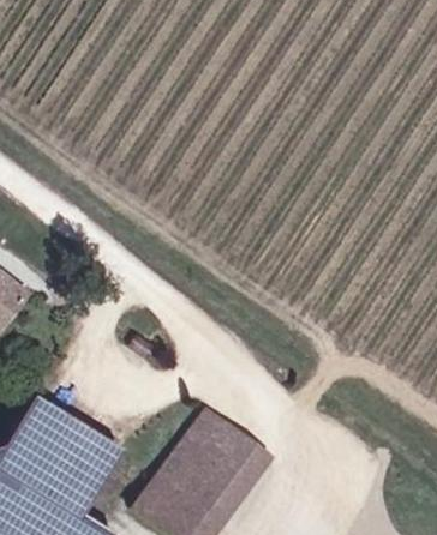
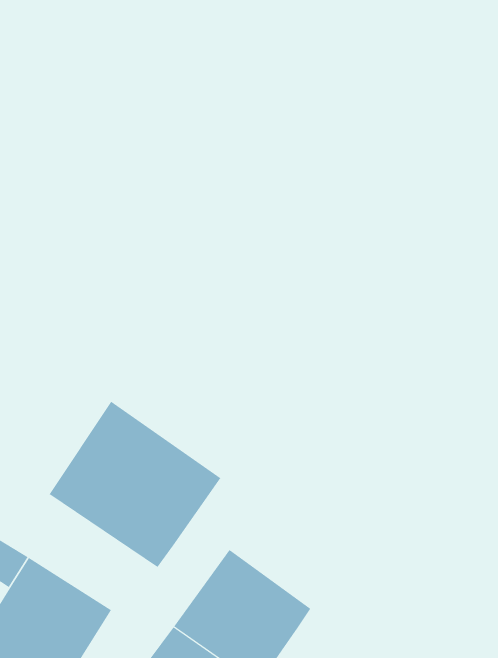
building: none -> [49,401,221,568]

